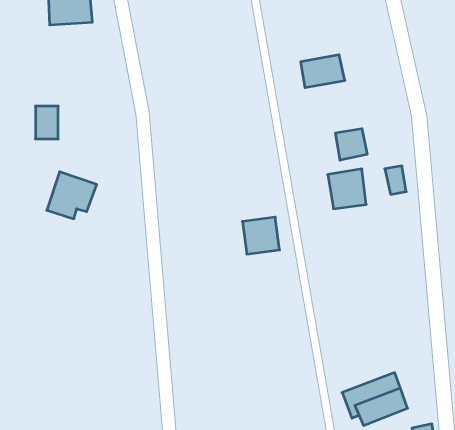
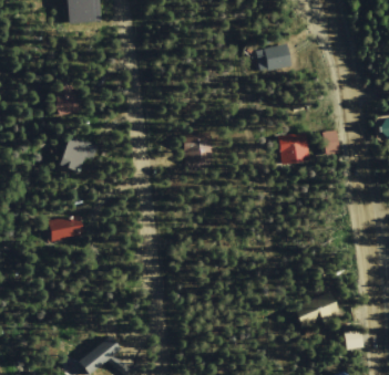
building: [336,129,367,160] -> none
building: [242,217,280,254] -> [185,135,214,164]
building: none -> [52,219,83,239]

